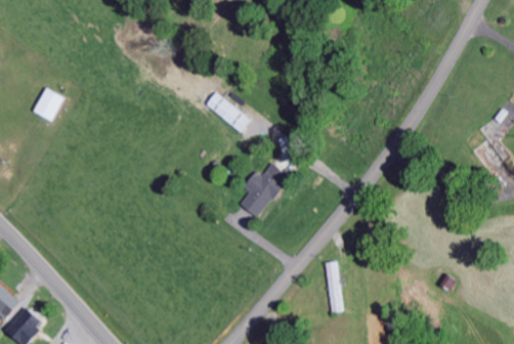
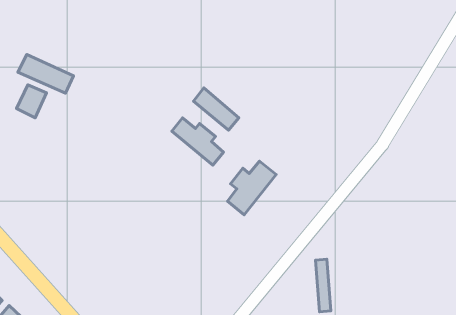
building: none -> [18,54,73,93]
building: none -> [172,118,224,165]

